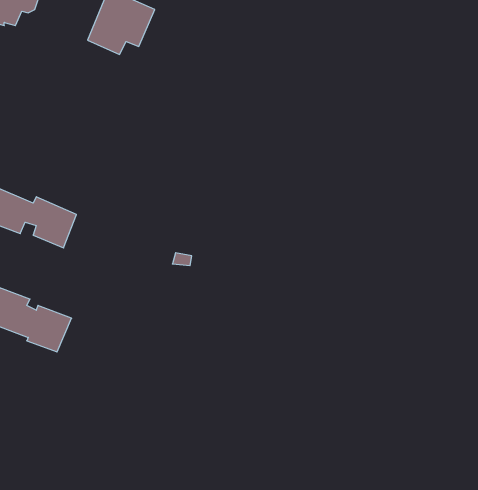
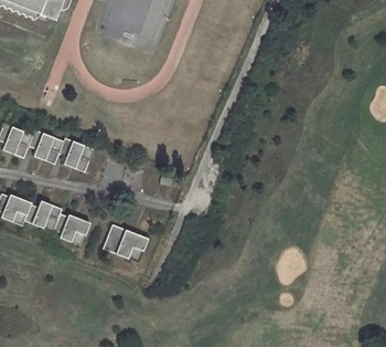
building: none -> [103,224,148,262]

